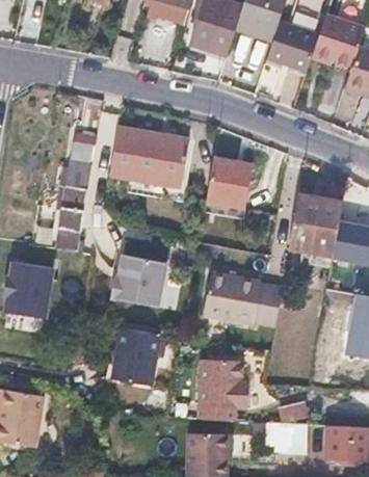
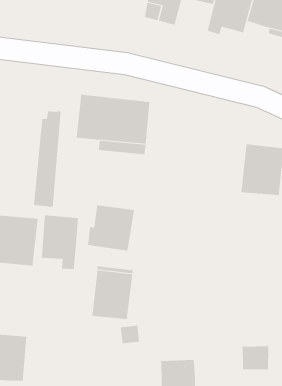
building: [209,157,253,208] -> none
building: none -> [41,215,78,270]
building: [204,272,282,329] -> none
building: [197,357,252,420] -> none

